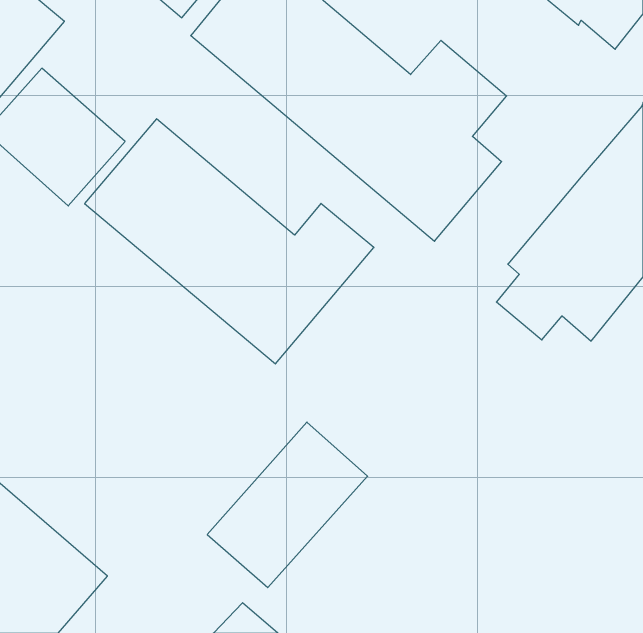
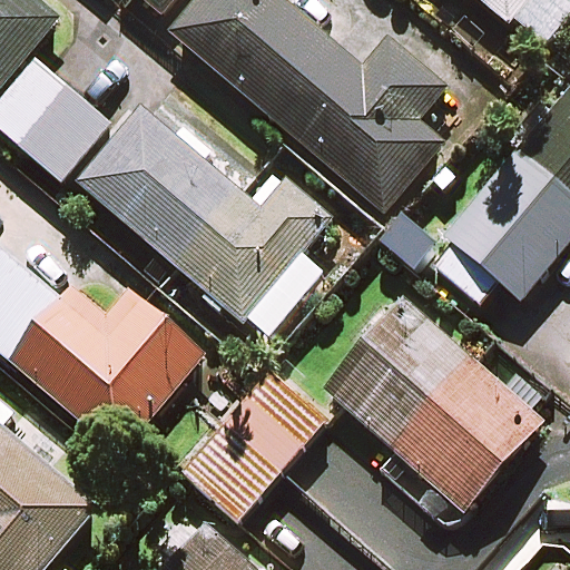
building: none -> [10,286,200,451]
building: none -> [326,299,541,509]

